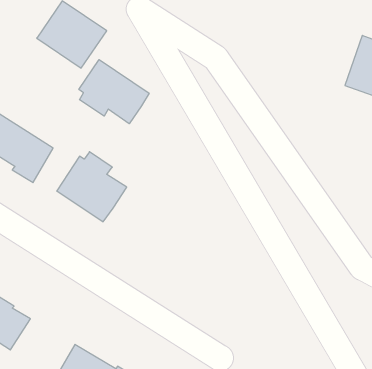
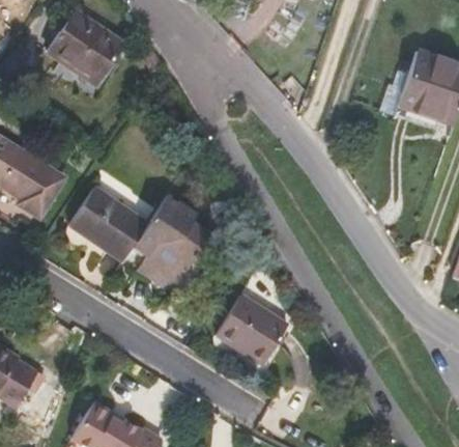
building: [79,60,149,124] -> none
building: none -> [134,195,210,287]
building: none -> [217,294,290,365]

